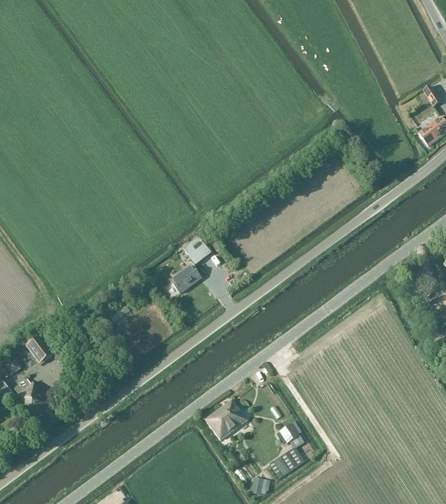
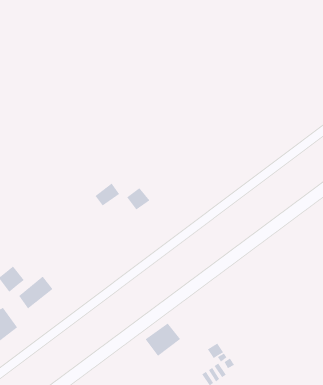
building: [170,264,201,293] -> [94,182,120,207]
building: none -> [18,276,54,309]

